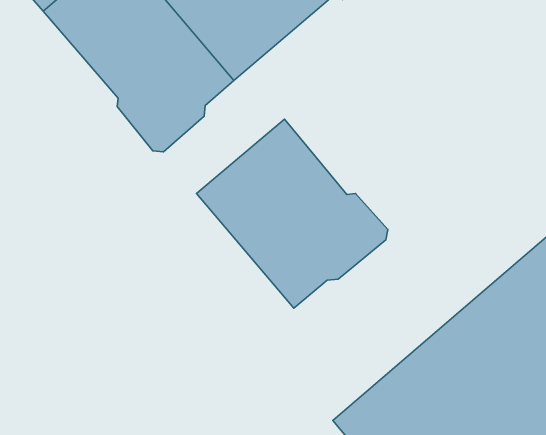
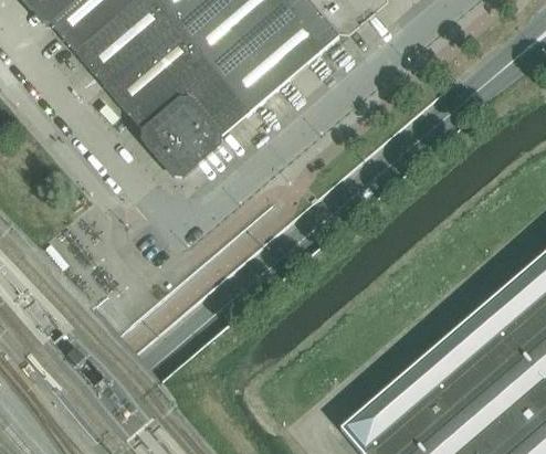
building: [197,119,388,308] -> none

